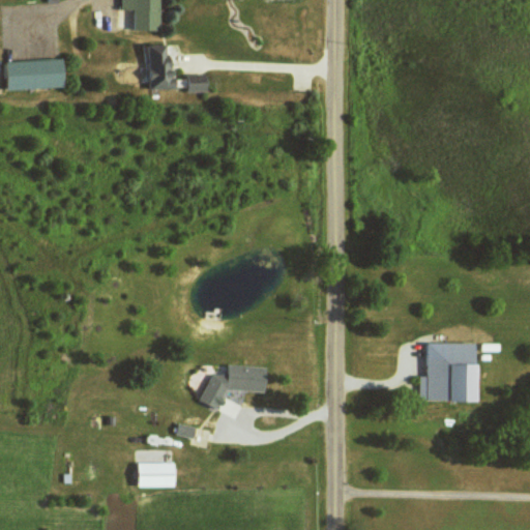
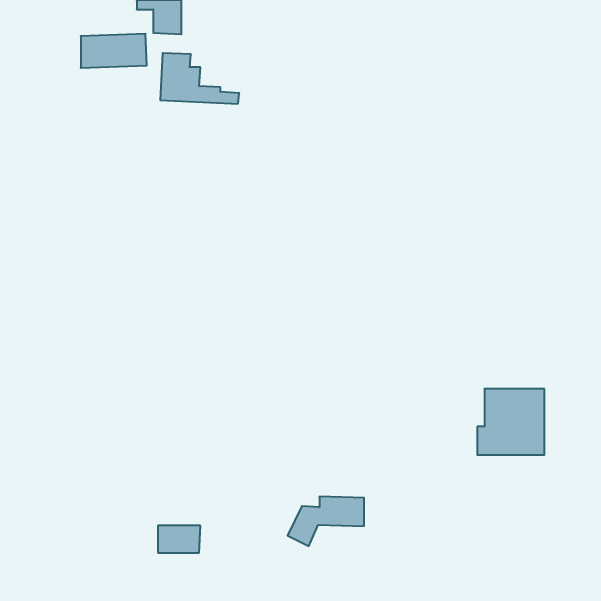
building: [7,59,65,89] -> [81,34,147,68]
building: [199,365,266,409] -> [288,497,364,546]

